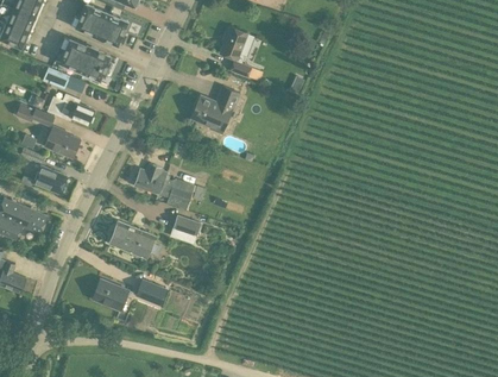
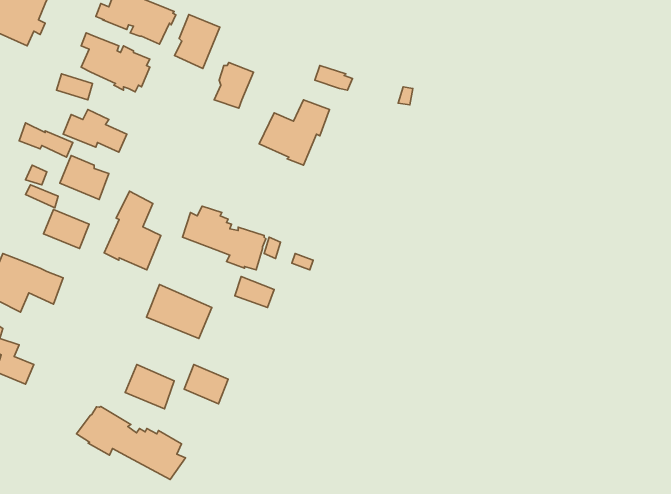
building: none -> [174,14,220,68]
building: [220,26,248,59] -> [214,62,253,108]
building: none -> [104,191,161,270]
building: none -> [77,406,185,480]

